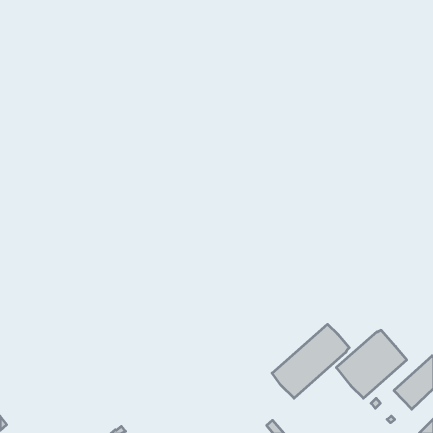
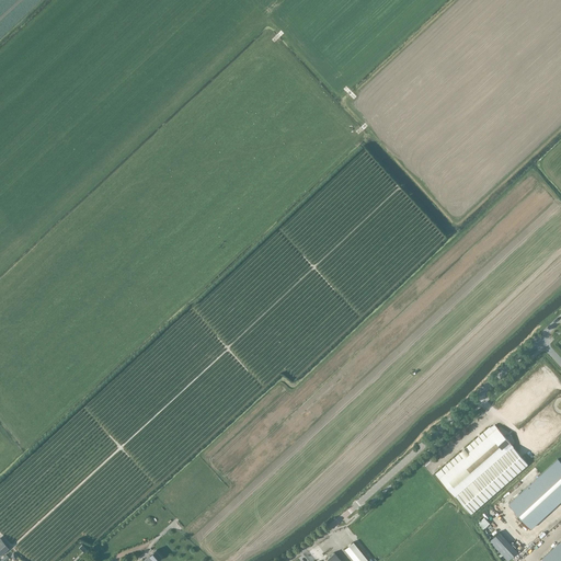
building: [272,324,349,398] -> none

